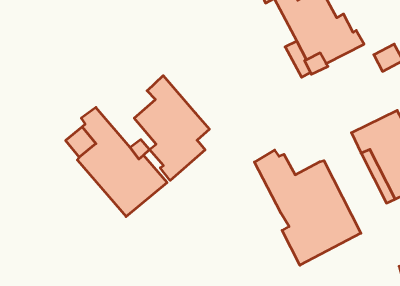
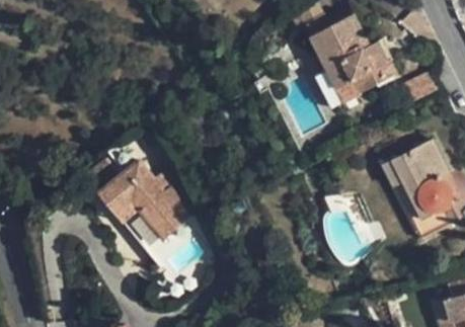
building: [134,76,209,180] -> none
building: [254,150,361,265] -> none

